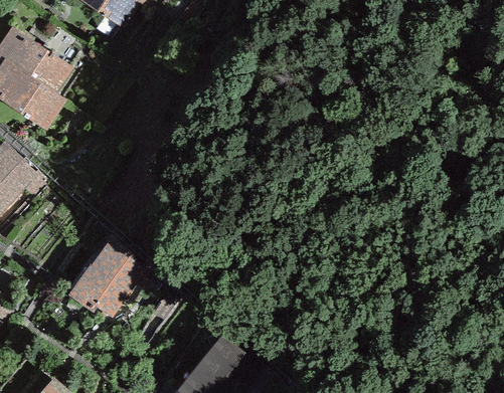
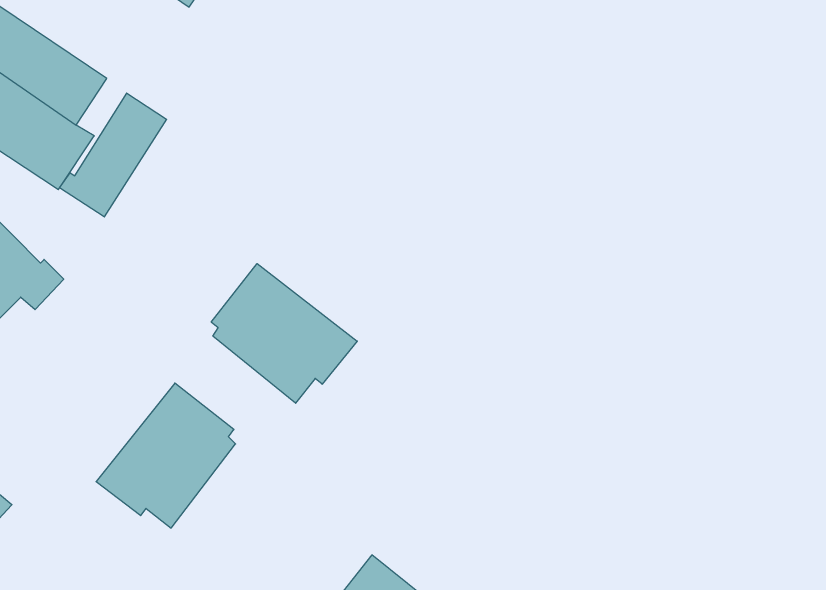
building: none -> [60,93,167,217]
building: none -> [211,264,357,403]

